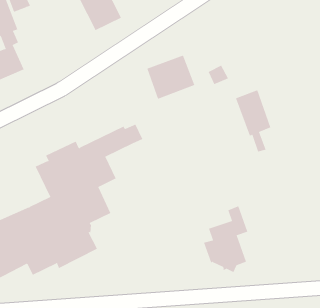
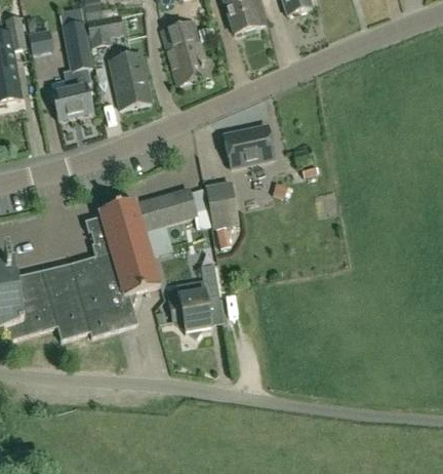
building: none -> [107,48,150,106]
building: [235,90,271,152] -> [204,176,238,245]
building: [203,205,248,273] -> [167,262,218,334]

